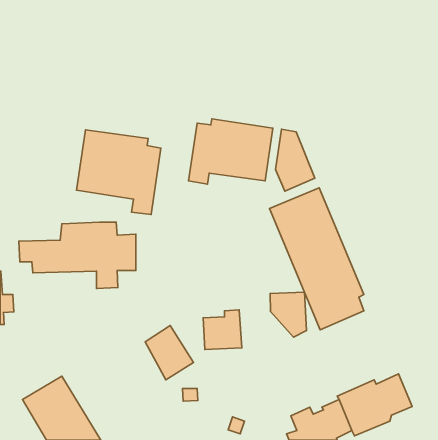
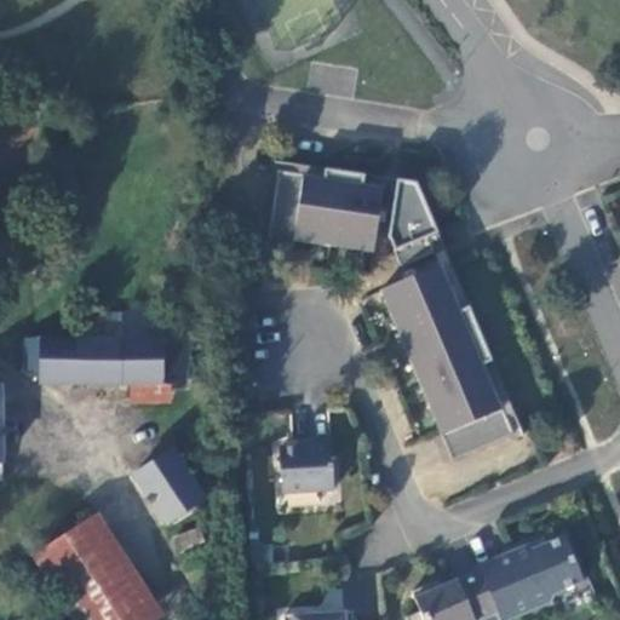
building: [76,130,161,214] -> none
building: [270,292,306,337] -> none
building: [145,326,193,380] -> [138,452,206,528]

